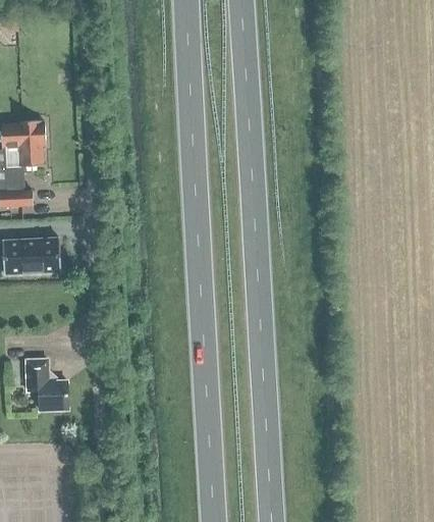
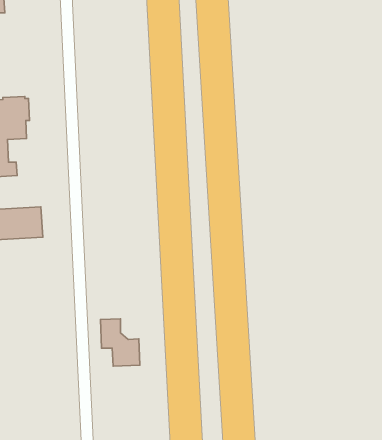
building: [24,359,66,410] -> [101,319,140,366]

